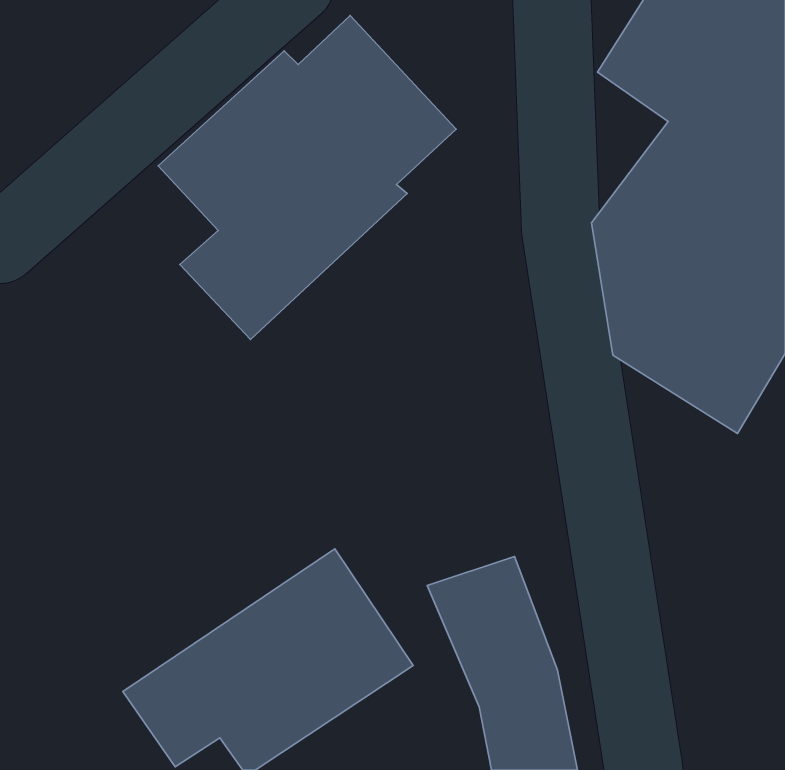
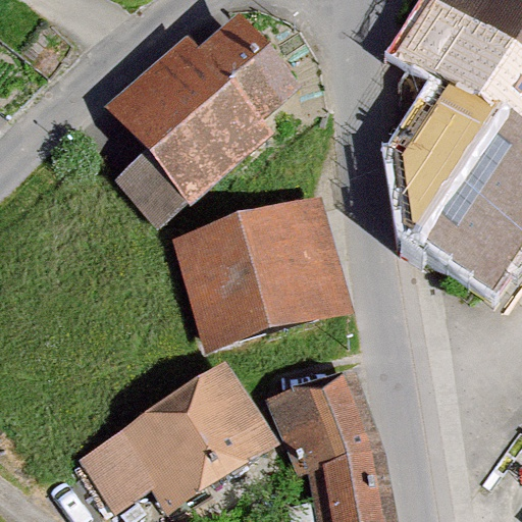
building: none -> [174,199,353,349]

